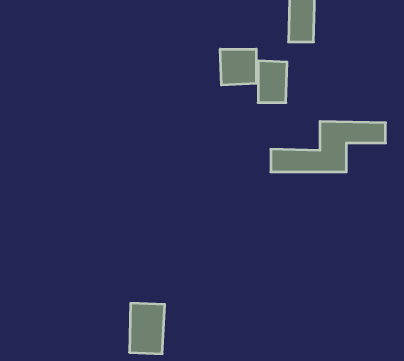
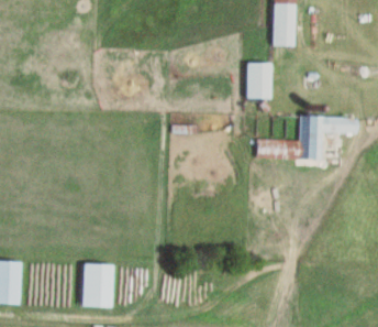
building: [220,49,256,85] -> none
building: [129,303,165,354] -> [81,263,112,307]

